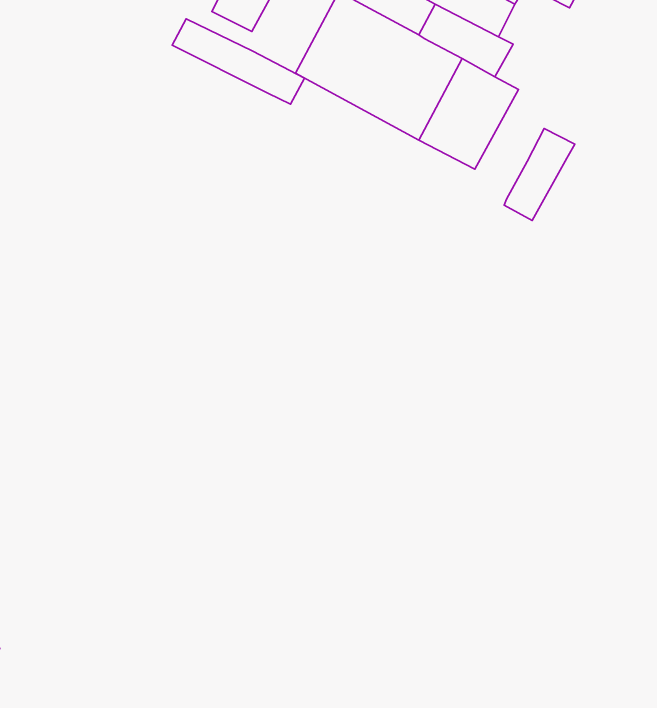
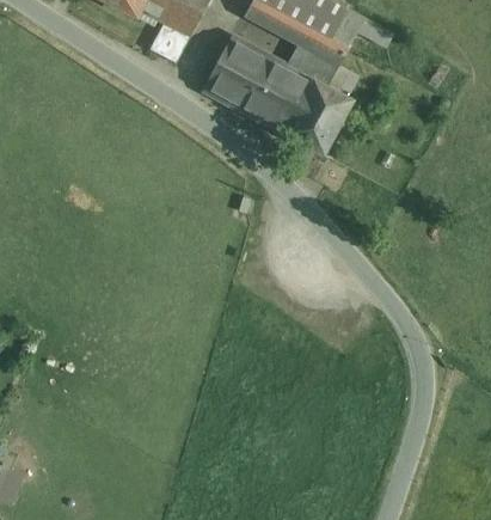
building: [172,19,304,104] -> none
building: [504,128,575,220] -> none

